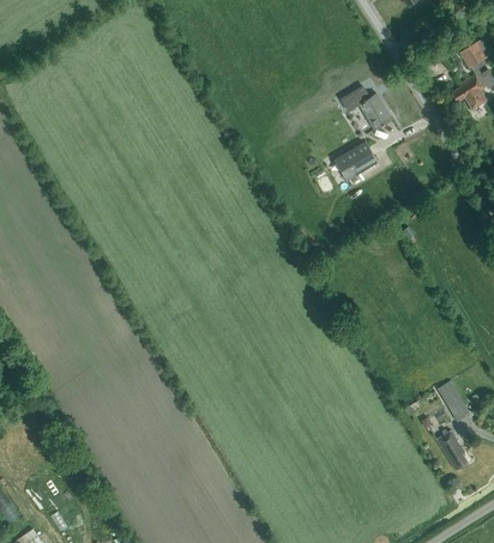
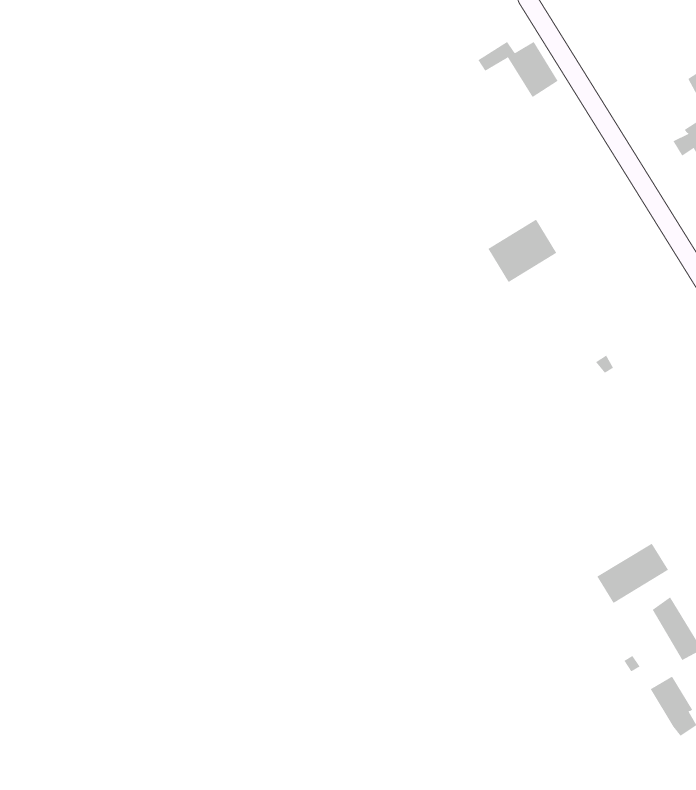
building: [339,93,391,129] -> [477,41,559,98]
building: none -> [597,543,669,604]

